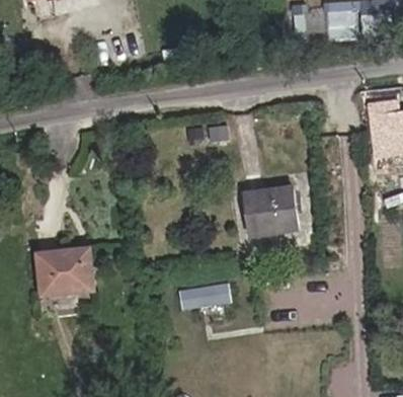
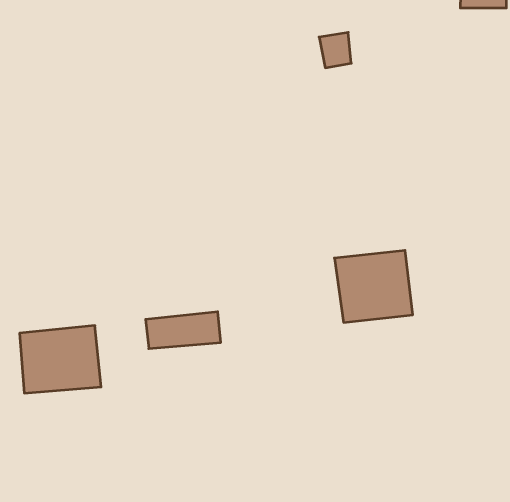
building: [182,280,232,304] -> [146,312,221,349]

